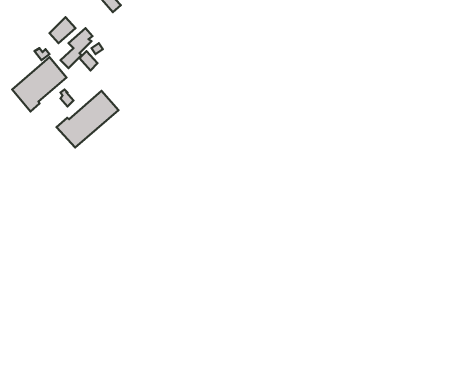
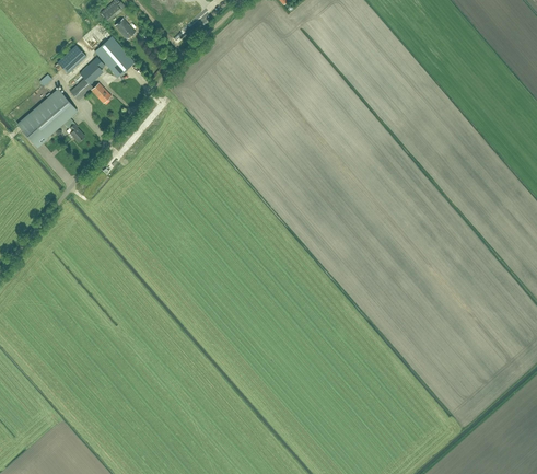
building: none -> [95,36,135,77]
building: [56,91,119,147] -> none

